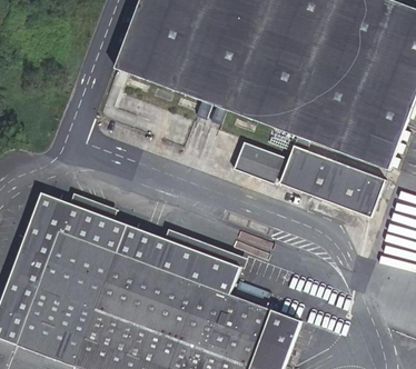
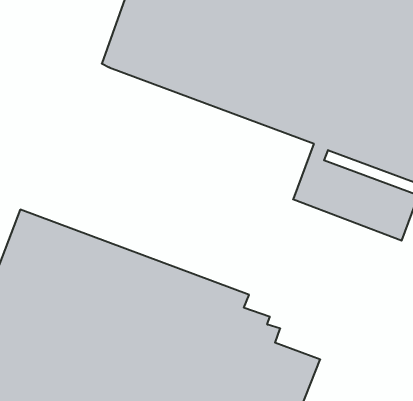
building: [229,141,281,184] -> none

